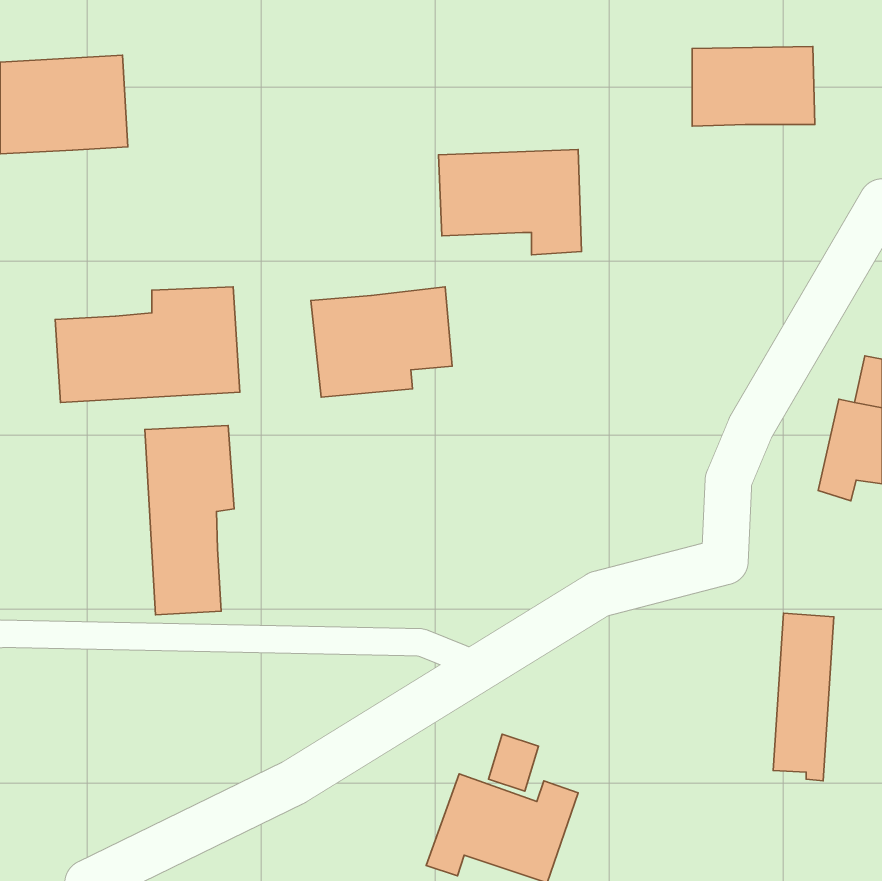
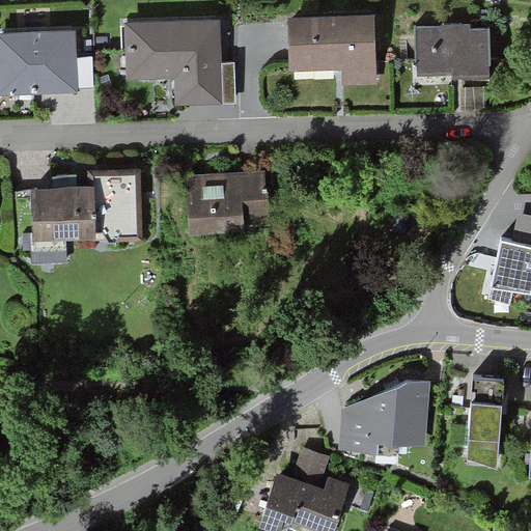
building: none -> [124,25,225,103]
building: [438,150,582,255] -> [288,19,374,82]
building: [145,425,234,615] -> none
building: none -> [337,375,425,447]

